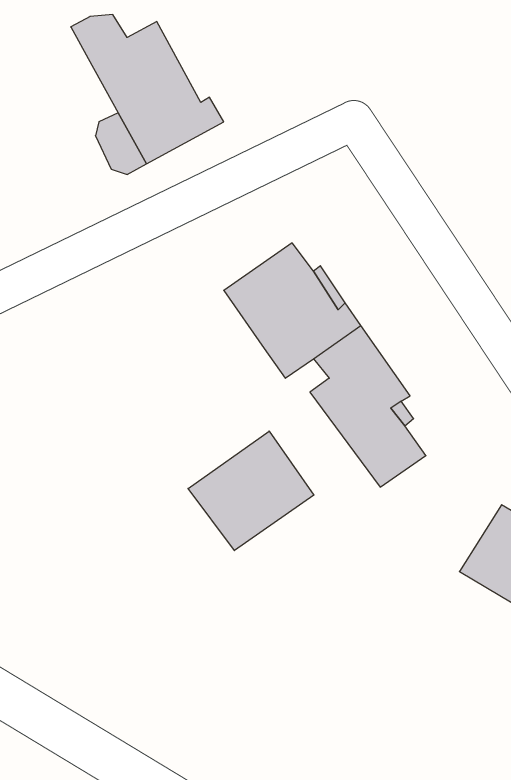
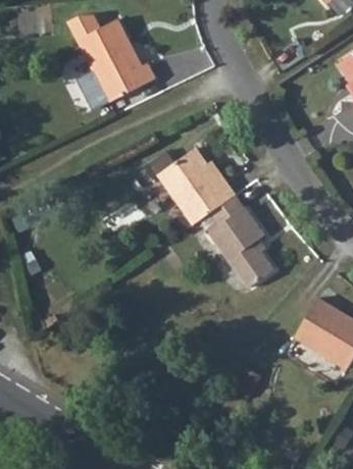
building: [188,431,314,551] -> none

